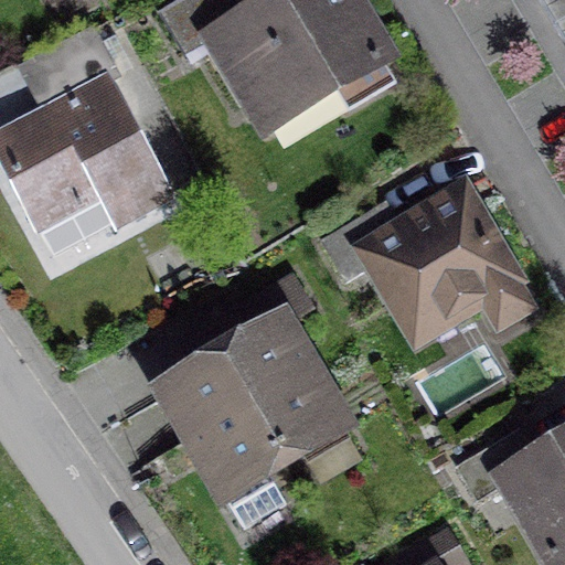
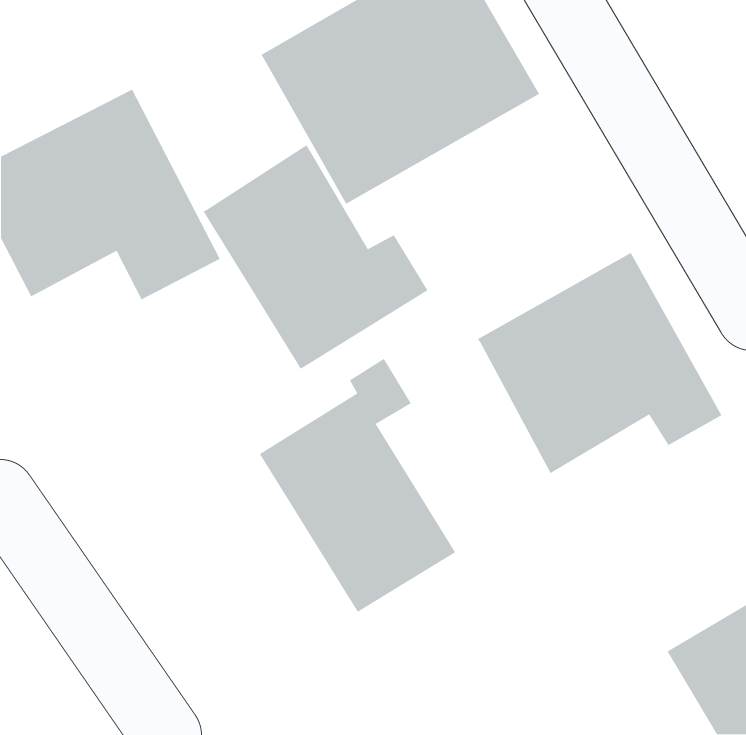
building: none -> [203,144,428,370]
building: [138,340,273,495] -> none

